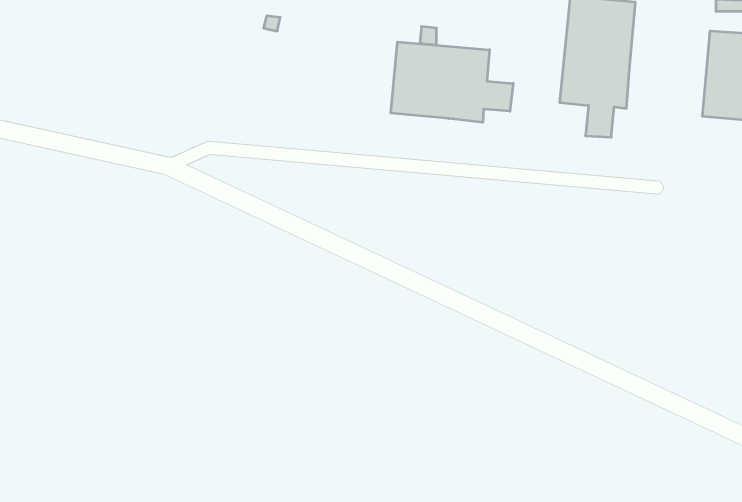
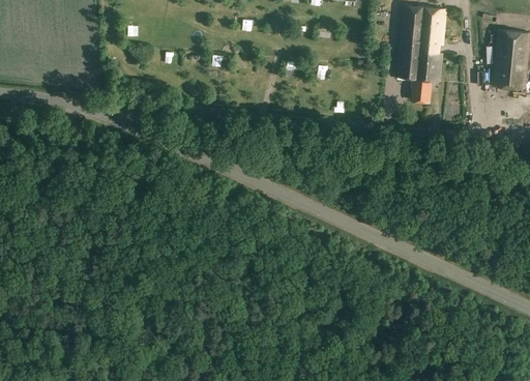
building: [391,42,513,122] -> none

